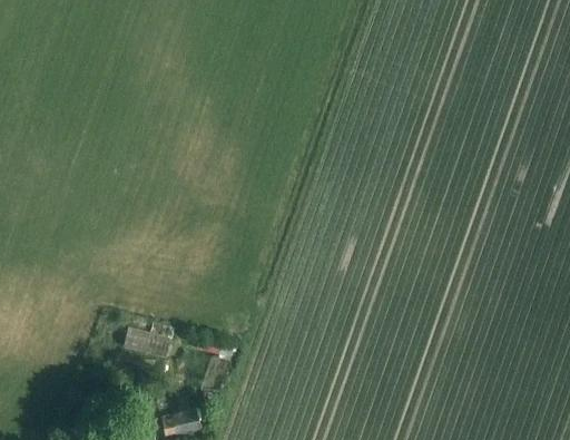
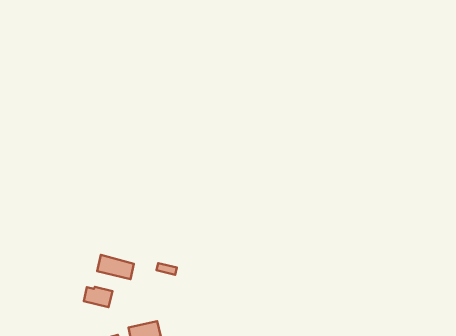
building: none -> [84,287,113,307]

